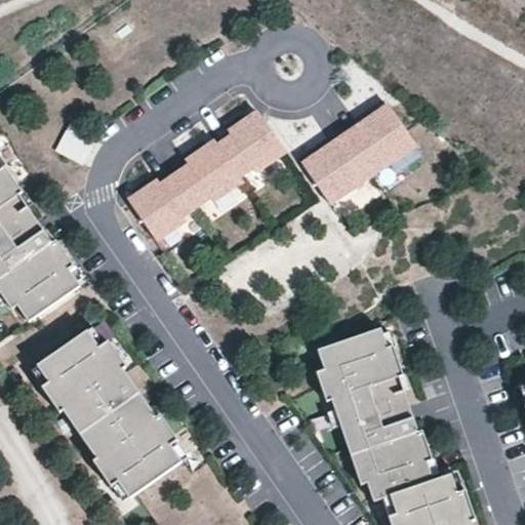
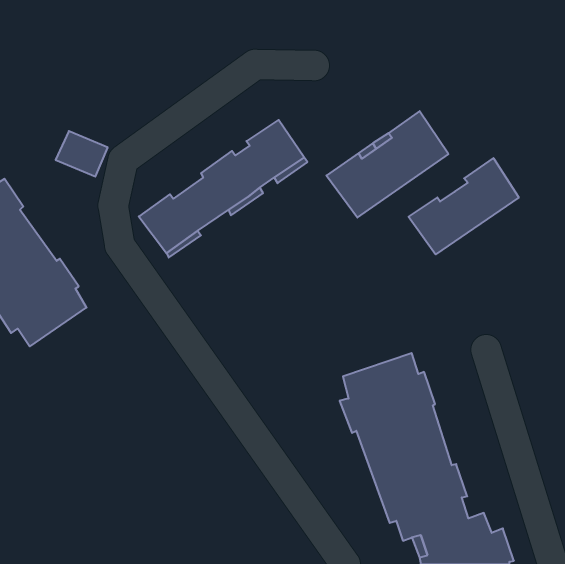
building: none -> [409,158,519,254]
building: [36,325,179,497] -> none

